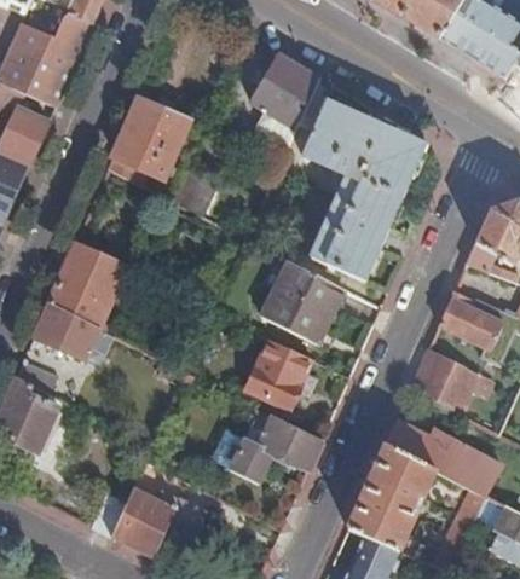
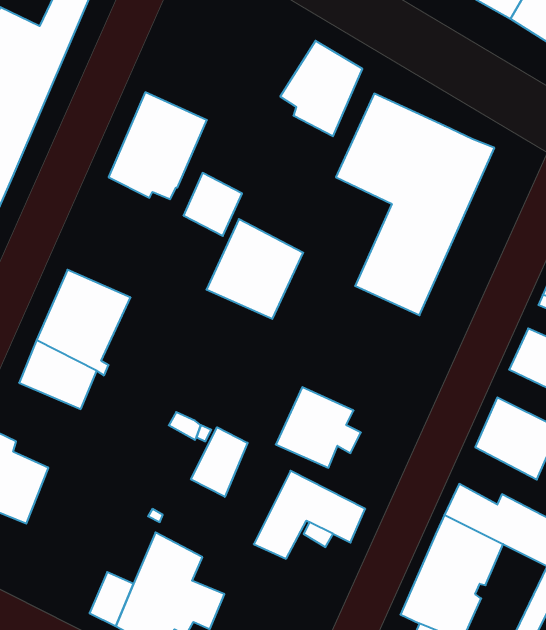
building: [267,261,347,343] -> [206,219,303,319]
building: none -> [191,427,248,497]

